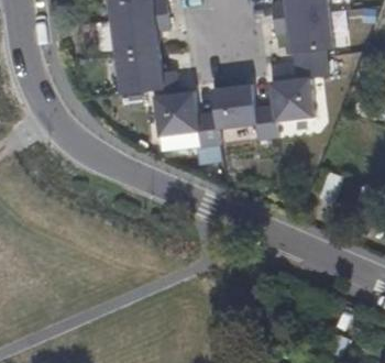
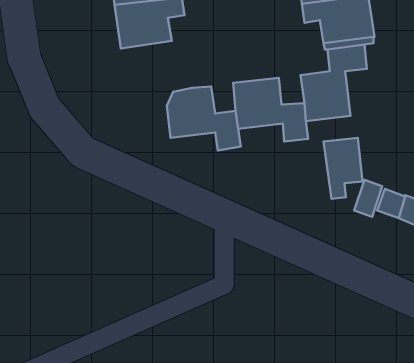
building: [116,51,179,95] -> none
building: none -> [323,138,363,199]

